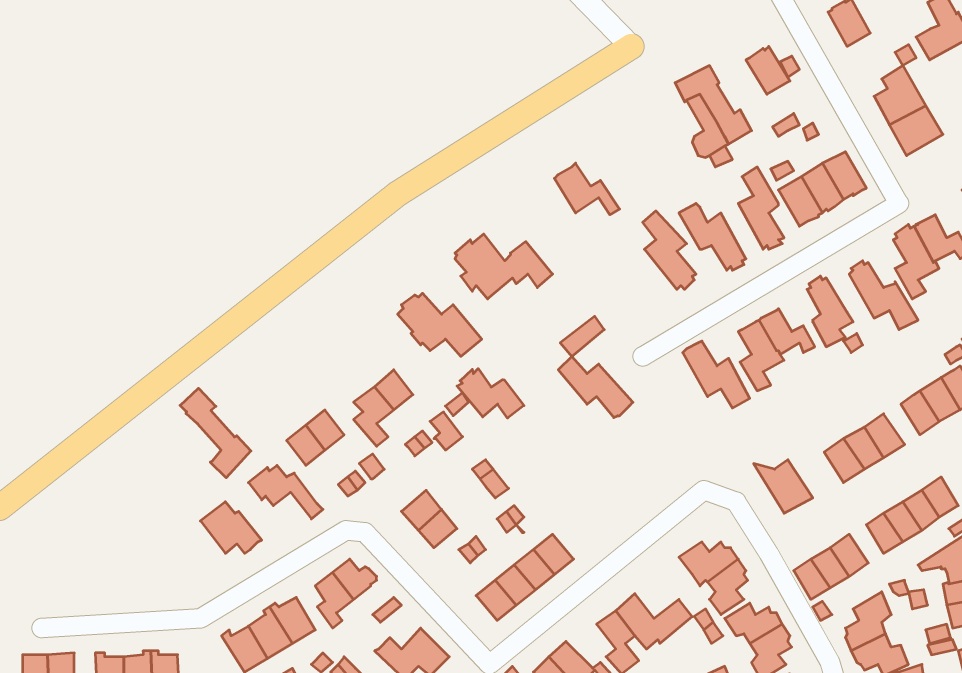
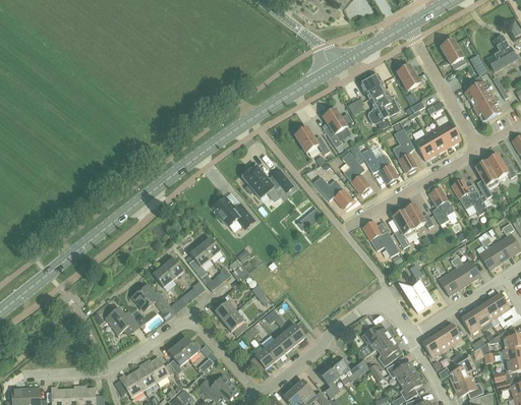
building: none -> [323,108,353,148]
building: [558,356,633,418] -> [313,175,353,208]
building: [457,369,524,418] -> none
building: [180,388,251,478] -> none

